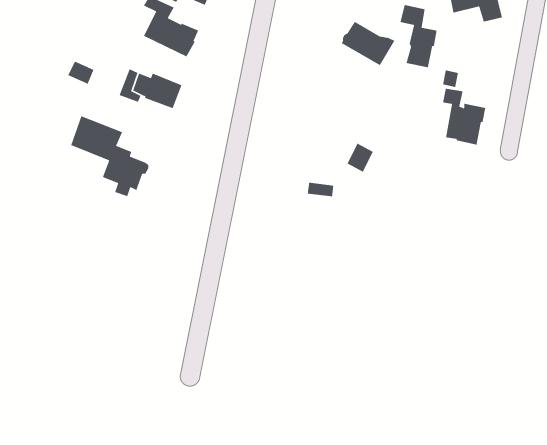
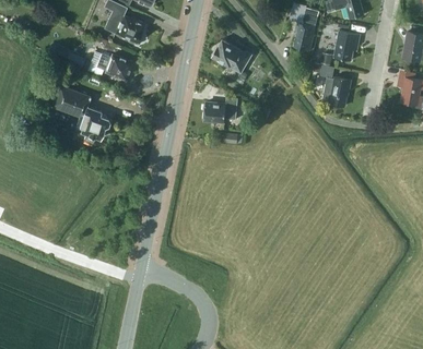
building: [341,21,395,66] -> [212,39,251,72]
building: none -> [333,29,360,60]
building: none -> [202,96,237,121]

